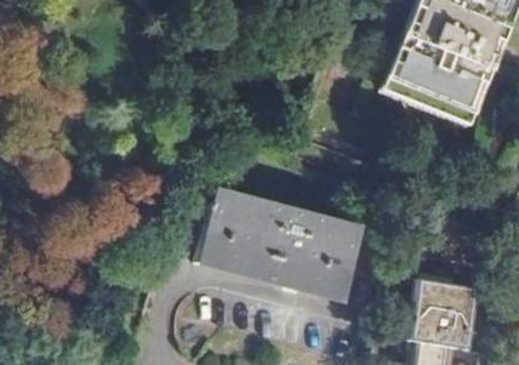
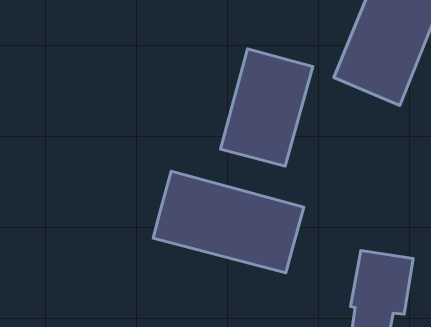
building: none -> [221,49,313,166]

